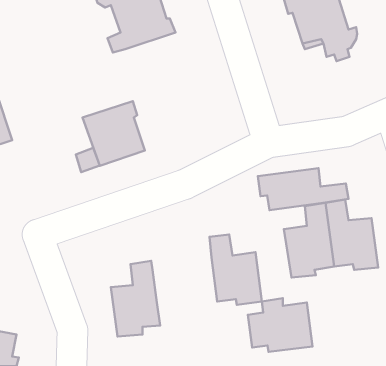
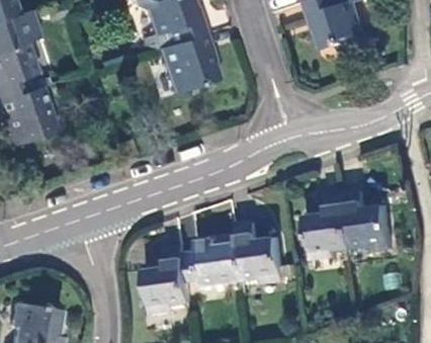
building: [82,101,145,166] -> [158,33,216,93]
building: [258,168,348,210] -> none
building: [248,298,312,352] -> [183,237,243,286]

